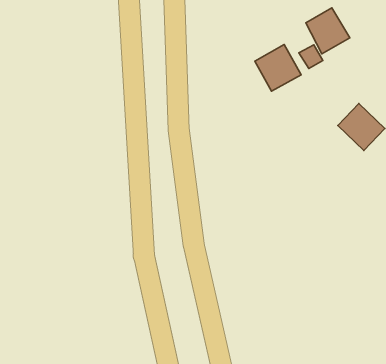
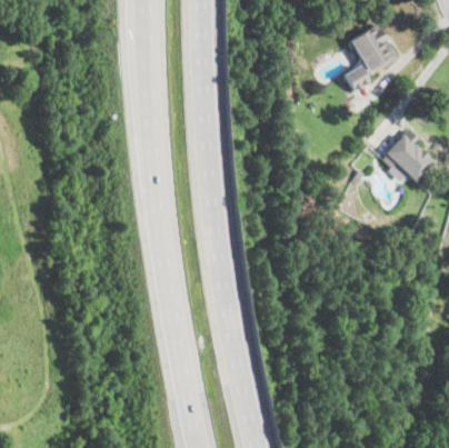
building: [255,45,301,91] -> none

